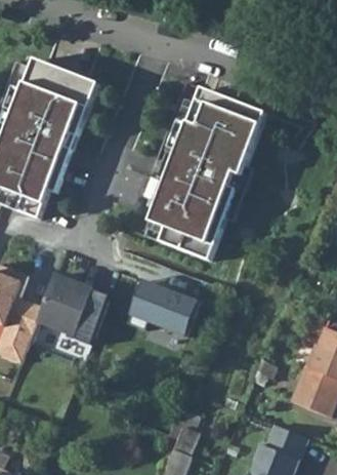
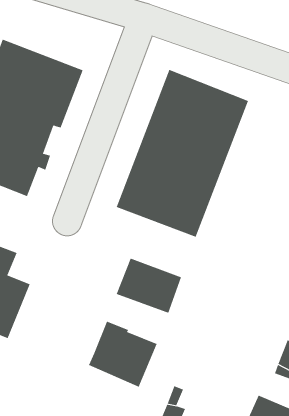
building: [40,274,110,342] -> [88,321,157,388]

